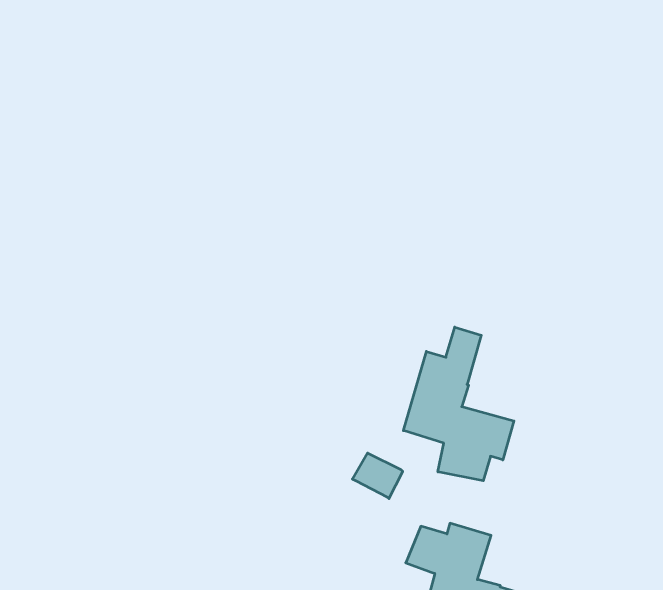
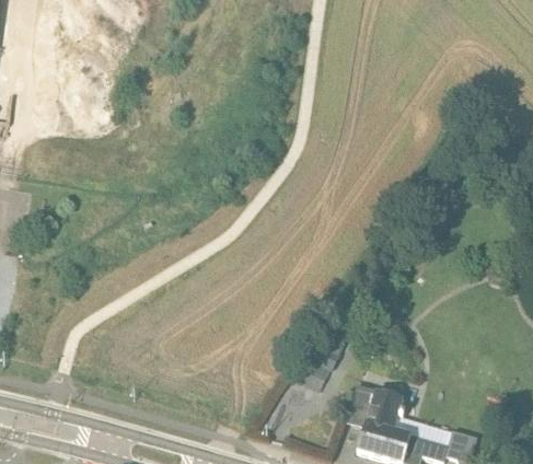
building: [403,327,514,481] -> none

